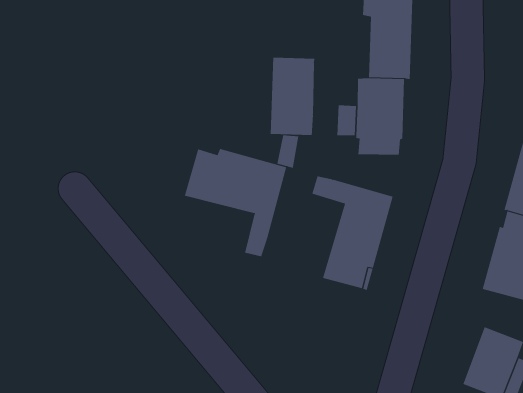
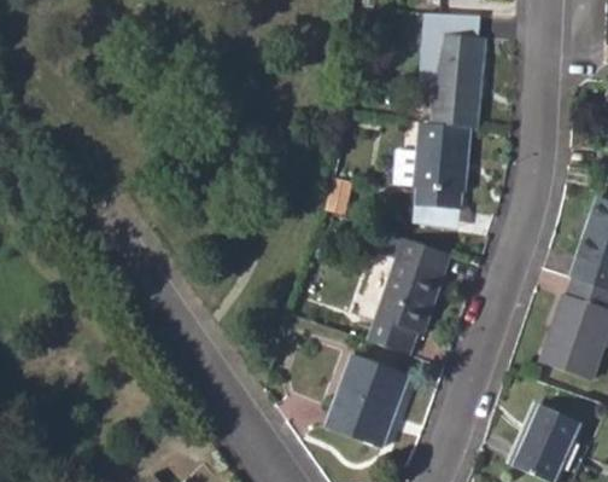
building: [270,57,315,136] -> none
building: [184,148,287,257] -> none
building: none -> [326,355,409,448]

